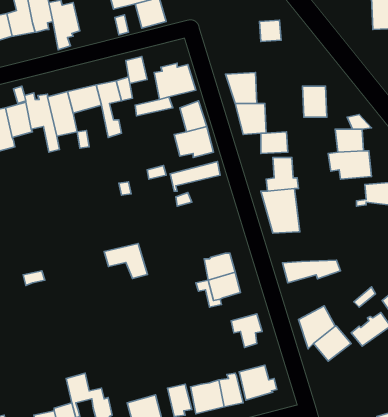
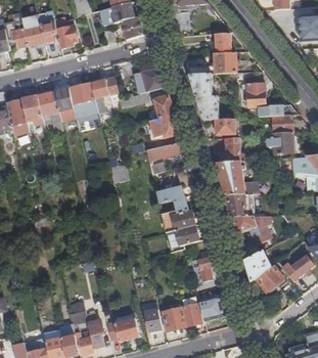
building: none -> [211,51,235,73]
building: none -> [224,193,245,217]
building: [104,244,148,279] -> [155,186,188,213]

